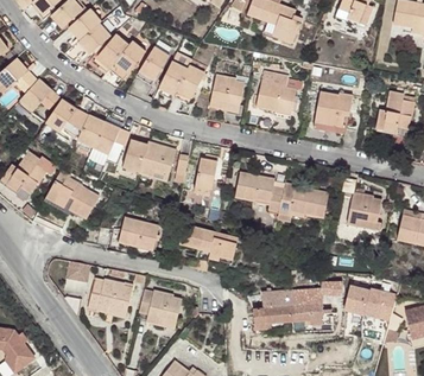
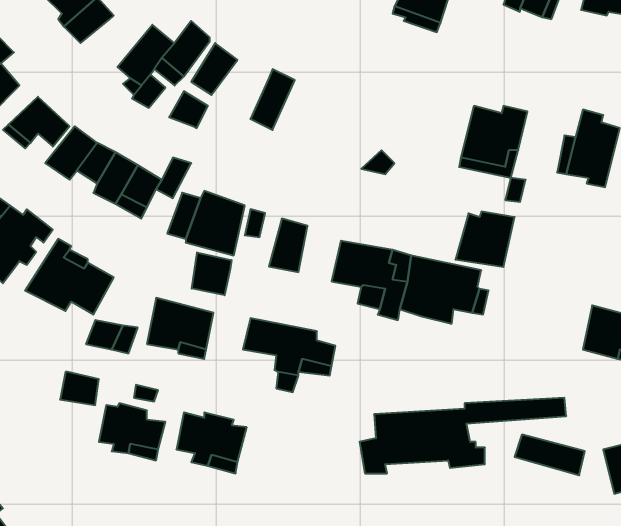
building: [69,31,102,63] -> none
building: [164,60,192,95] -> none
building: [210,70,245,111] -> none
building: [255,76,298,121] -> none
building: none -> [192,252,232,295]
building: [343,193,381,229] -> [455,212,515,267]

